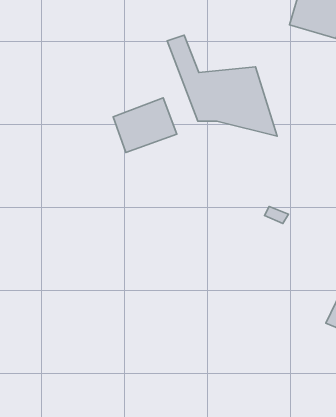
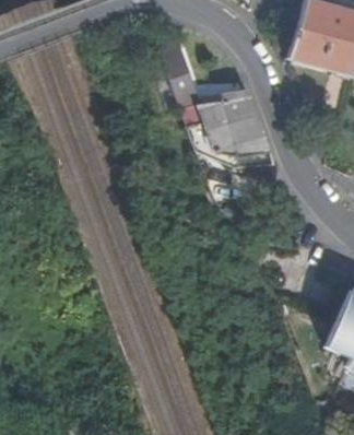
building: [113,98,177,152] -> none

